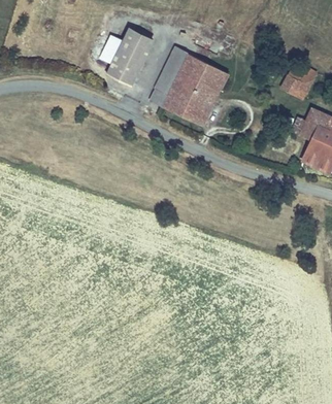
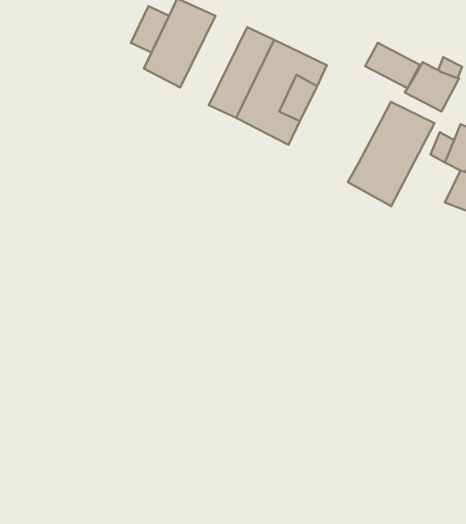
building: none -> [365,43,420,88]
building: none -> [348,102,434,206]

